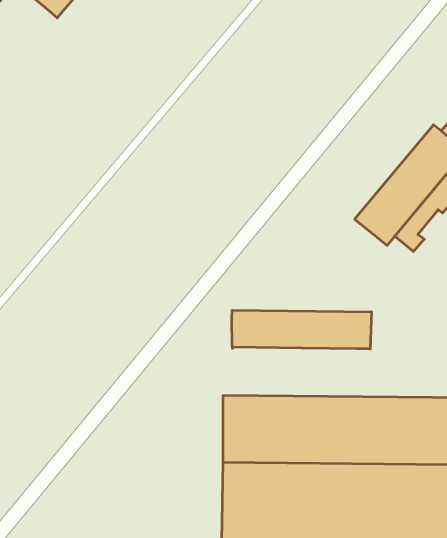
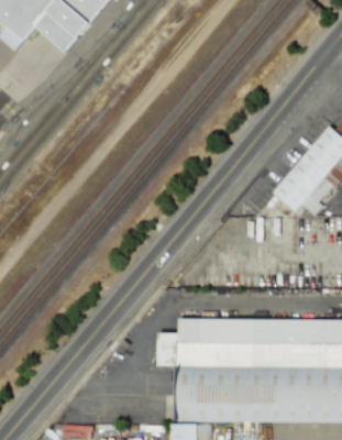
building: [232,310,371,349] -> none
building: none -> [158,332,180,365]

